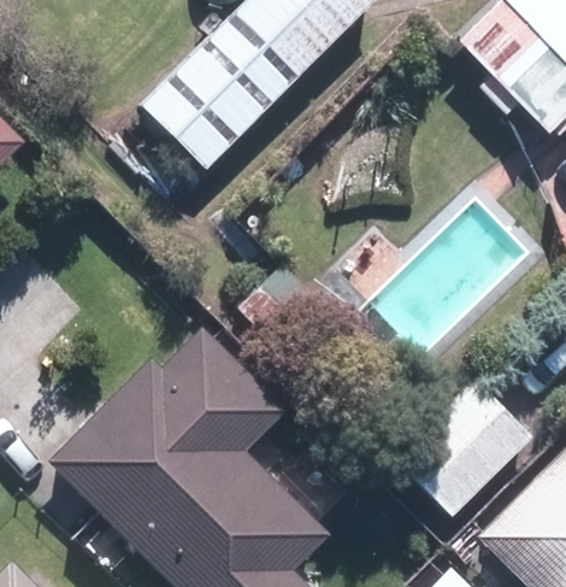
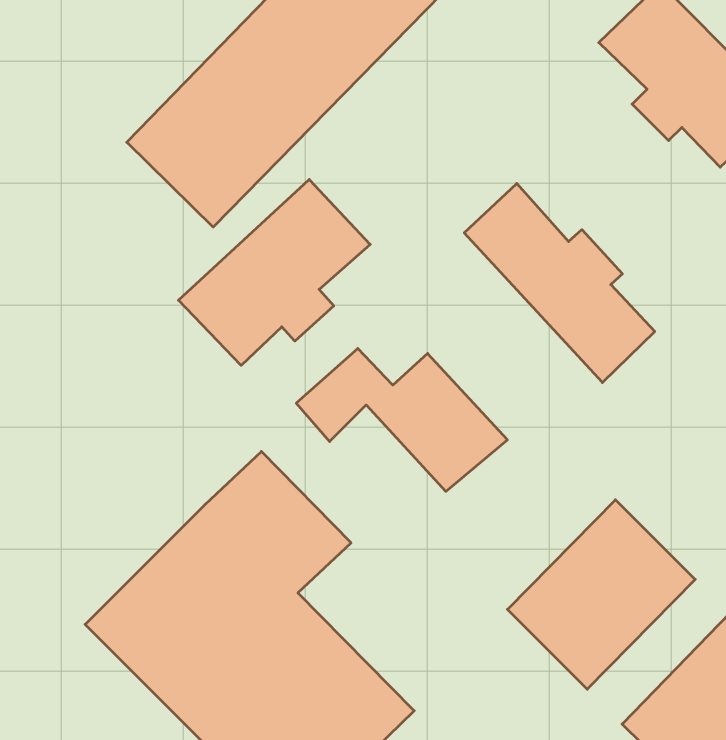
building: none -> [178,179,370,365]
building: none -> [464,183,655,383]

